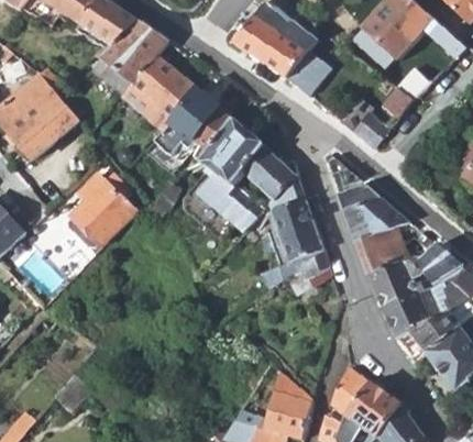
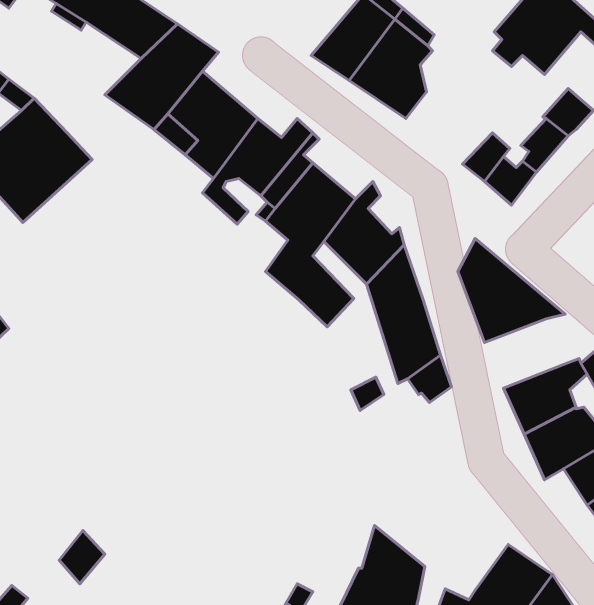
building: [76,173,144,254] -> none
building: [355,228,410,276] -> none
building: [333,368,372,417] -> none

